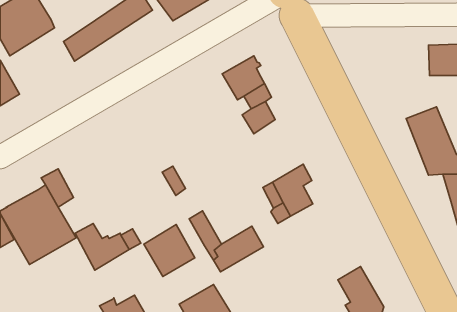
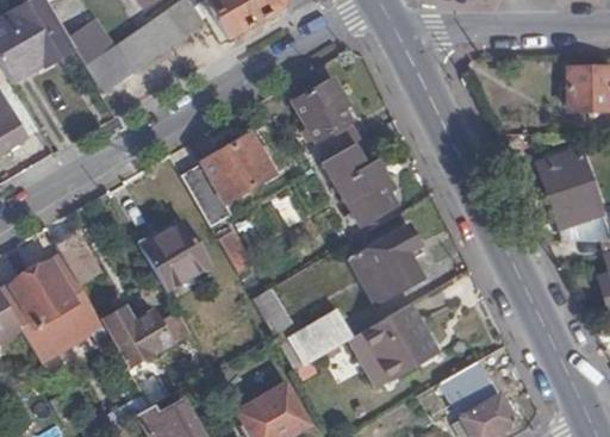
building: none -> [69,18,114,63]
building: none -> [180,135,274,226]
building: none -> [338,161,397,225]
building: none -> [363,301,437,380]
building: [144,225,195,277] -> [141,221,208,291]

